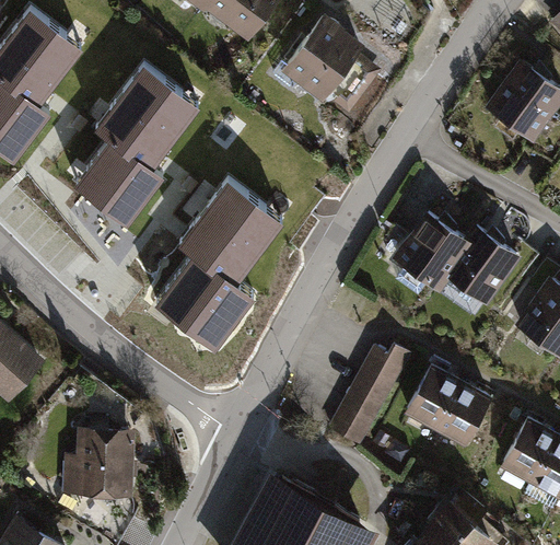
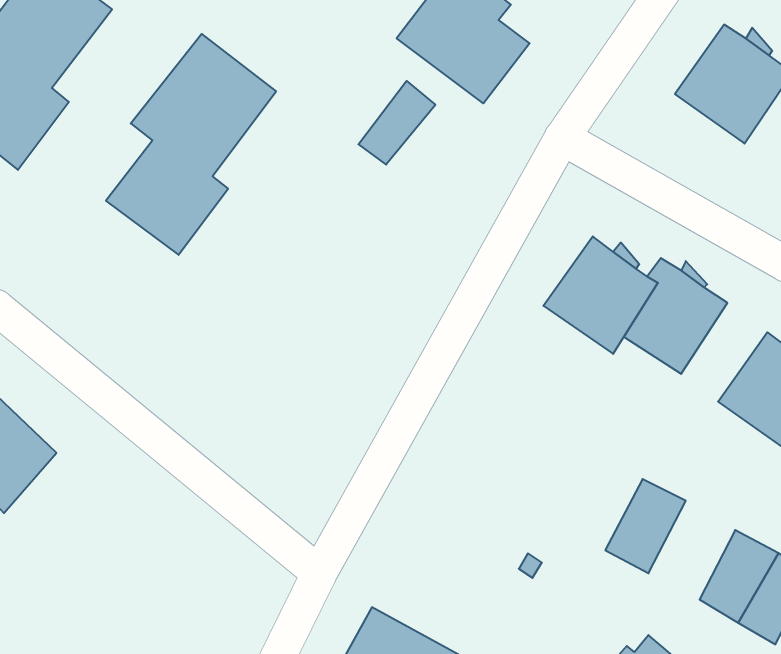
building: none -> [358,81,435,165]
building: [160,176,285,347] -> none
building: [326,344,409,448] -> none
building: [400,363,458,431] -> none
building: [61,427,133,498] -> none

